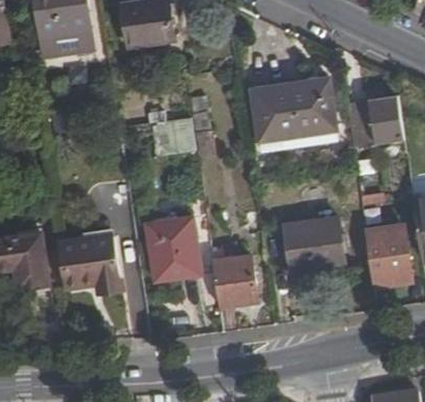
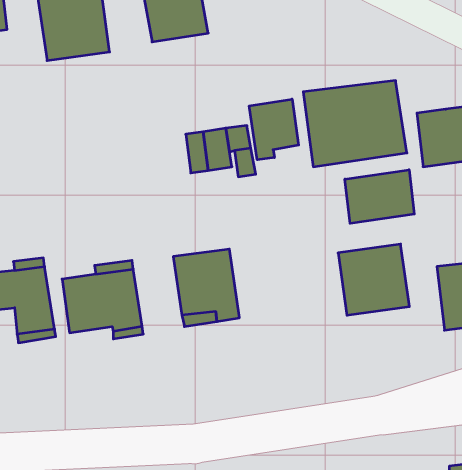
building: none -> [249,99,299,160]
building: none -> [345,170,414,223]
building: [211,255,256,306] -> none

